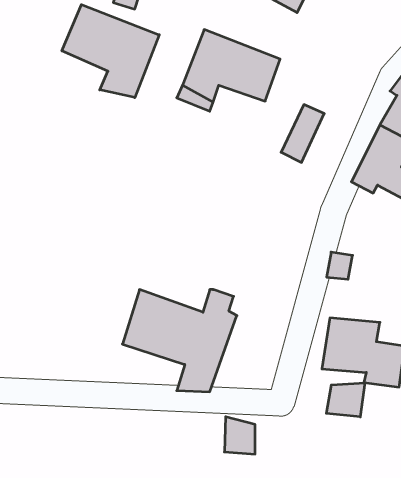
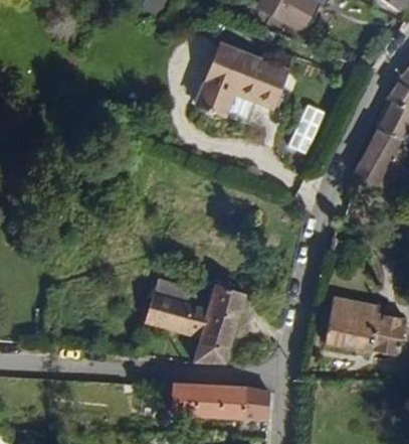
building: [62,5,159,98] -> none
building: [326,383,365,417] -> none
building: none -> [174,385,239,418]

